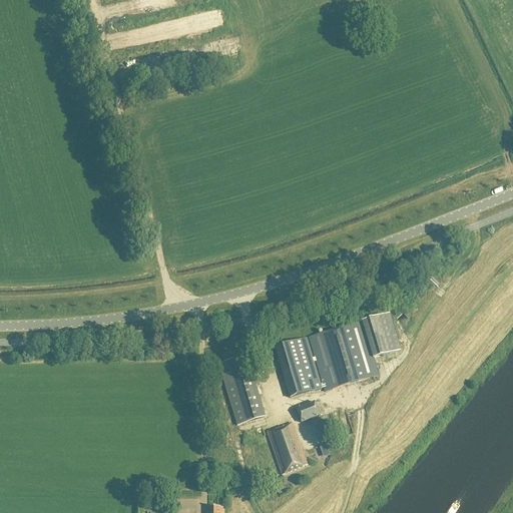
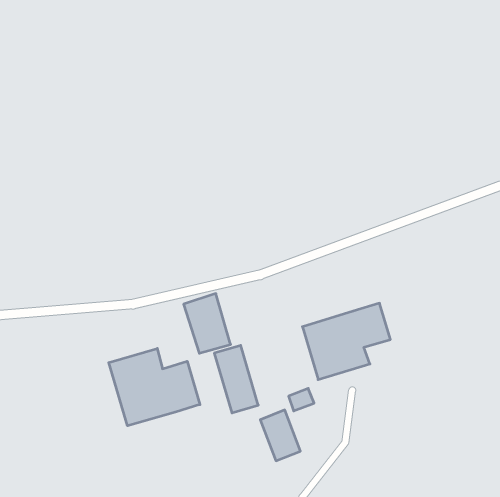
building: [275,335,323,396] -> [184,294,231,353]
building: none -> [109,348,200,426]

